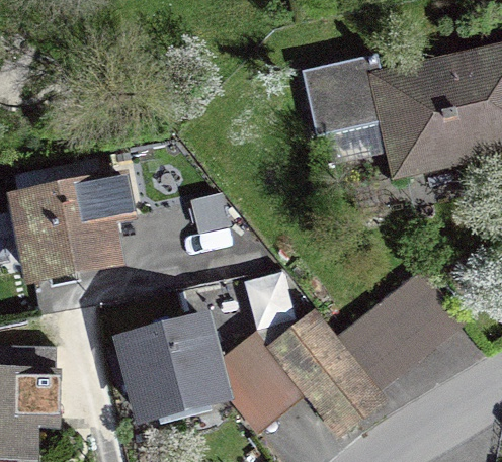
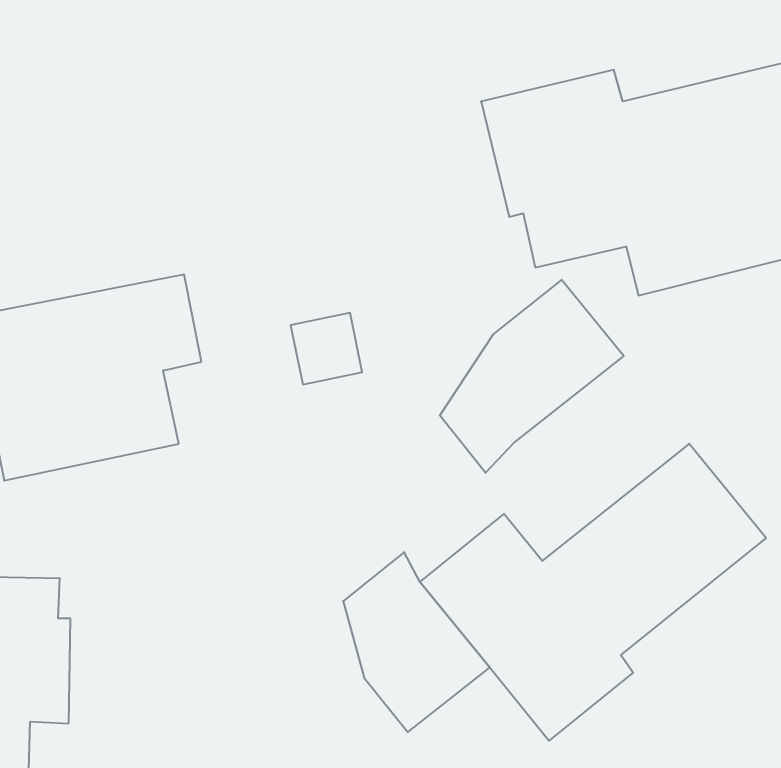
building: none -> [440,280,624,473]
building: [111,312,233,428] -> none

